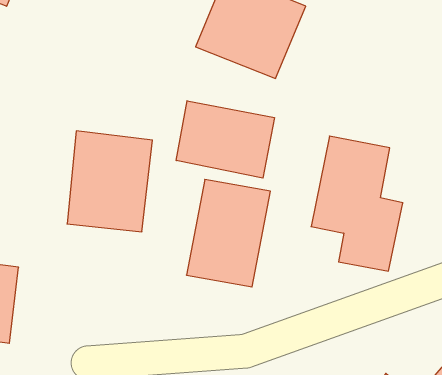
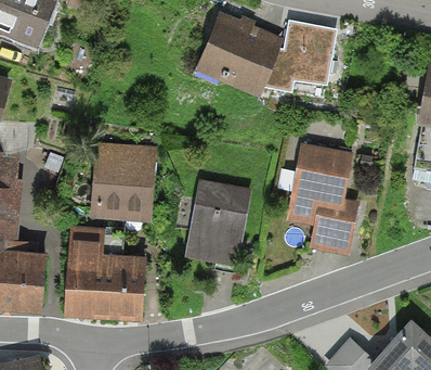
building: none -> [292,37,329,77]
building: [176,101,274,178] -> none
building: none -> [64,224,146,321]

